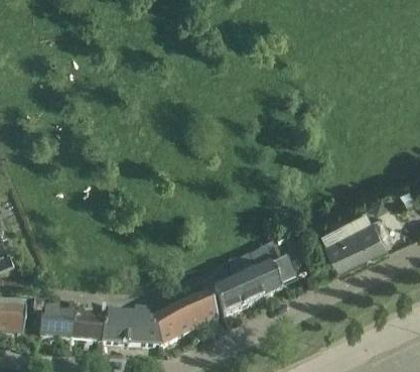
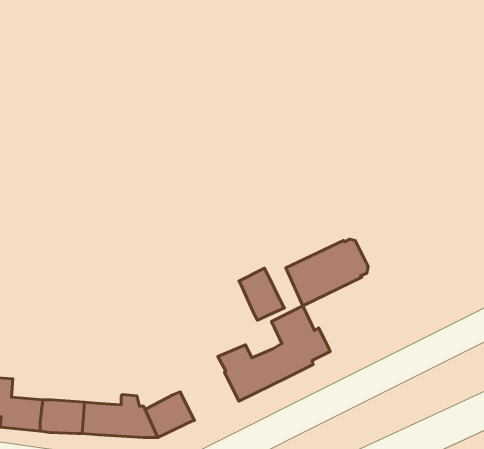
building: none -> [239,268,284,320]
building: [324,213,388,264] -> [286,239,368,306]
building: [175,293,214,330] -> none

